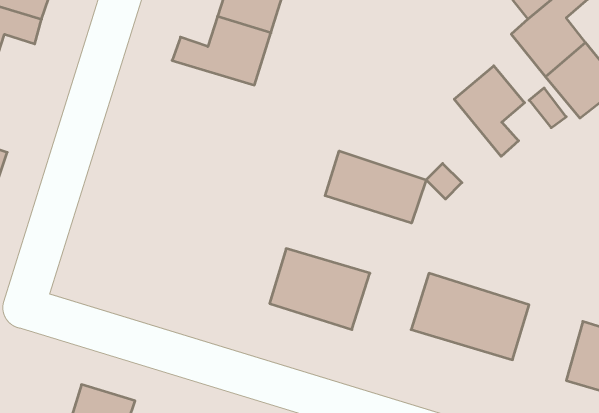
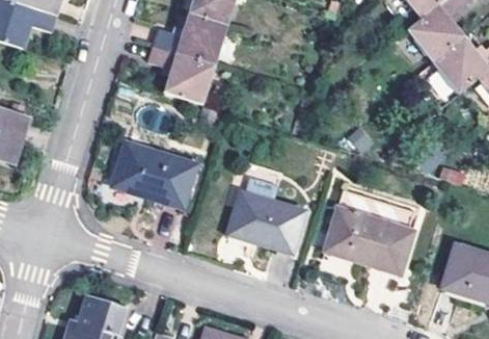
building: none -> [147,47,215,106]
building: [454,66,525,156] -> none
building: [325,151,426,223] -> none
building: none -> [111,139,194,205]

